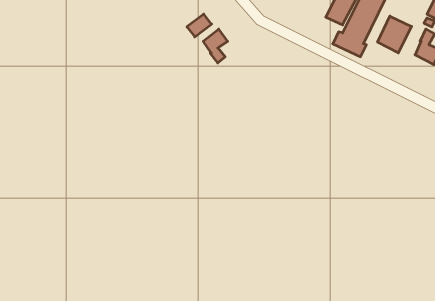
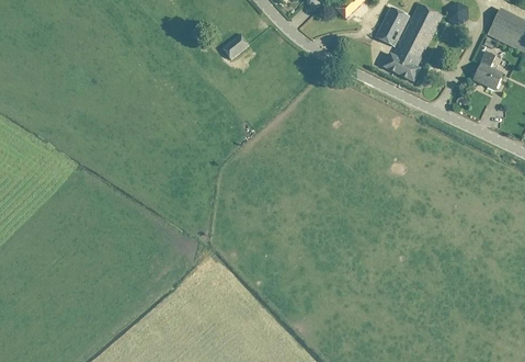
building: [378,16,412,53] -> none
building: [203,29,228,63] -> none

